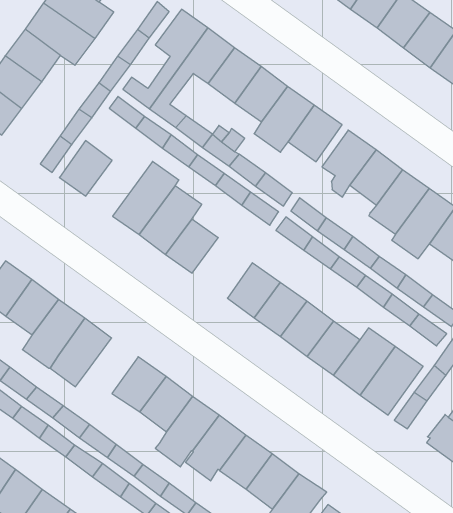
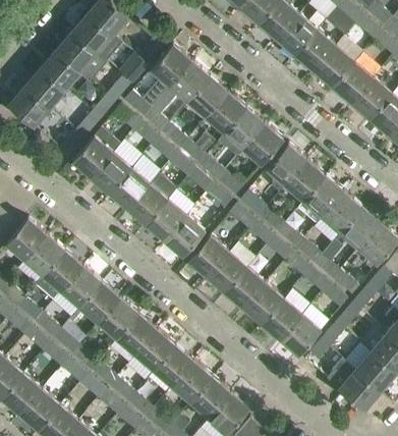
building: none -> [92,139,143,193]
building: none -> [165,215,206,256]
building: none -> [80,282,120,323]

